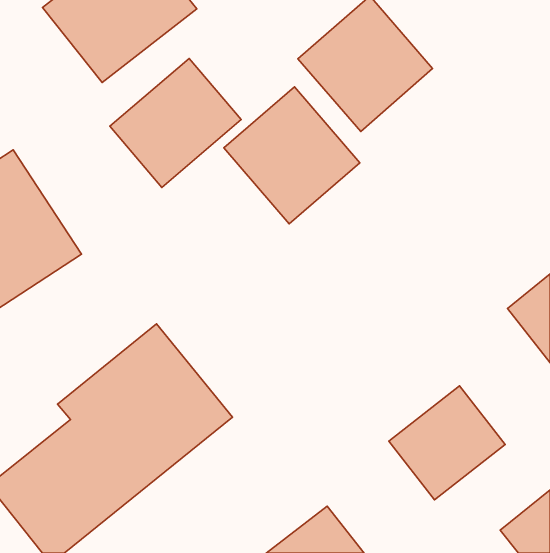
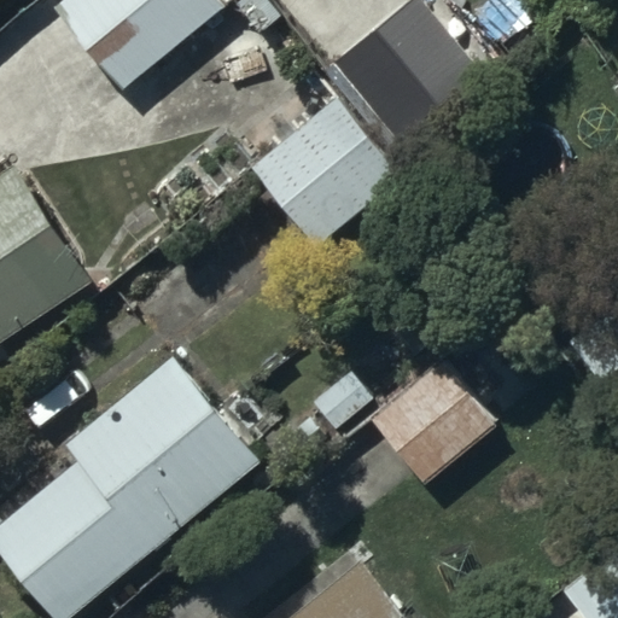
building: [110,58,241,187] -> none
building: [389,386,505,500] -> [368,358,497,485]

